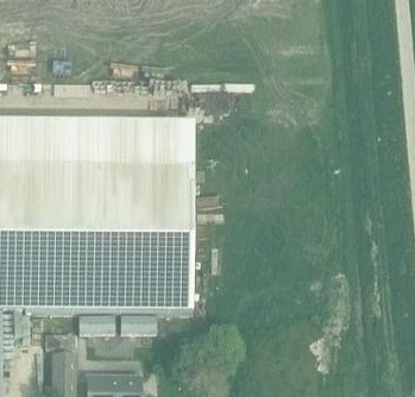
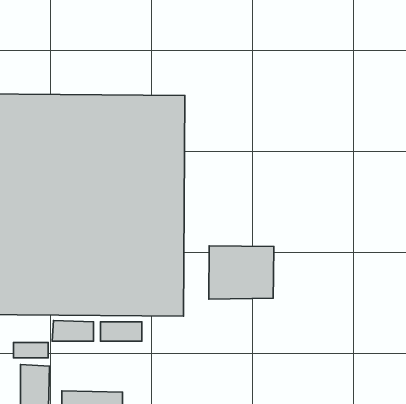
building: none -> [209,246,274,299]

